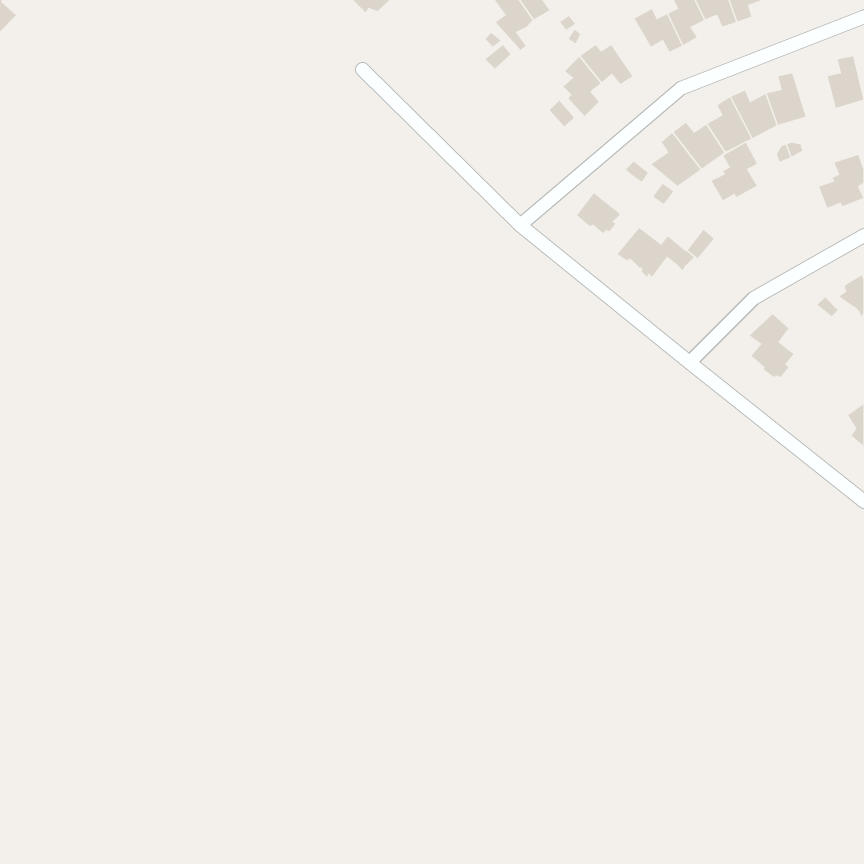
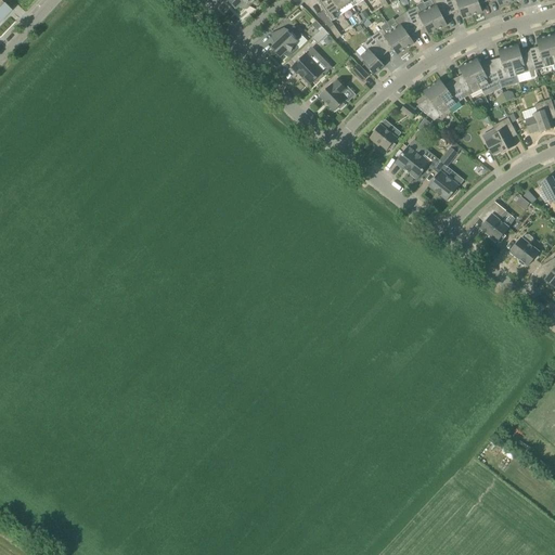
building: none -> [391,12,416,49]
building: none -> [270,25,302,56]
building: none -> [507,43,534,75]
building: none -> [291,52,331,85]
building: none -> [319,79,346,111]
building: [711,142,758,201] -> [485,117,515,155]
building: none -> [428,170,459,199]
building: none -> [509,234,539,266]

